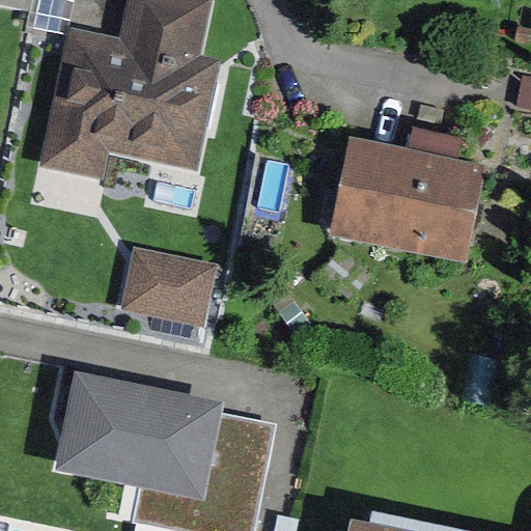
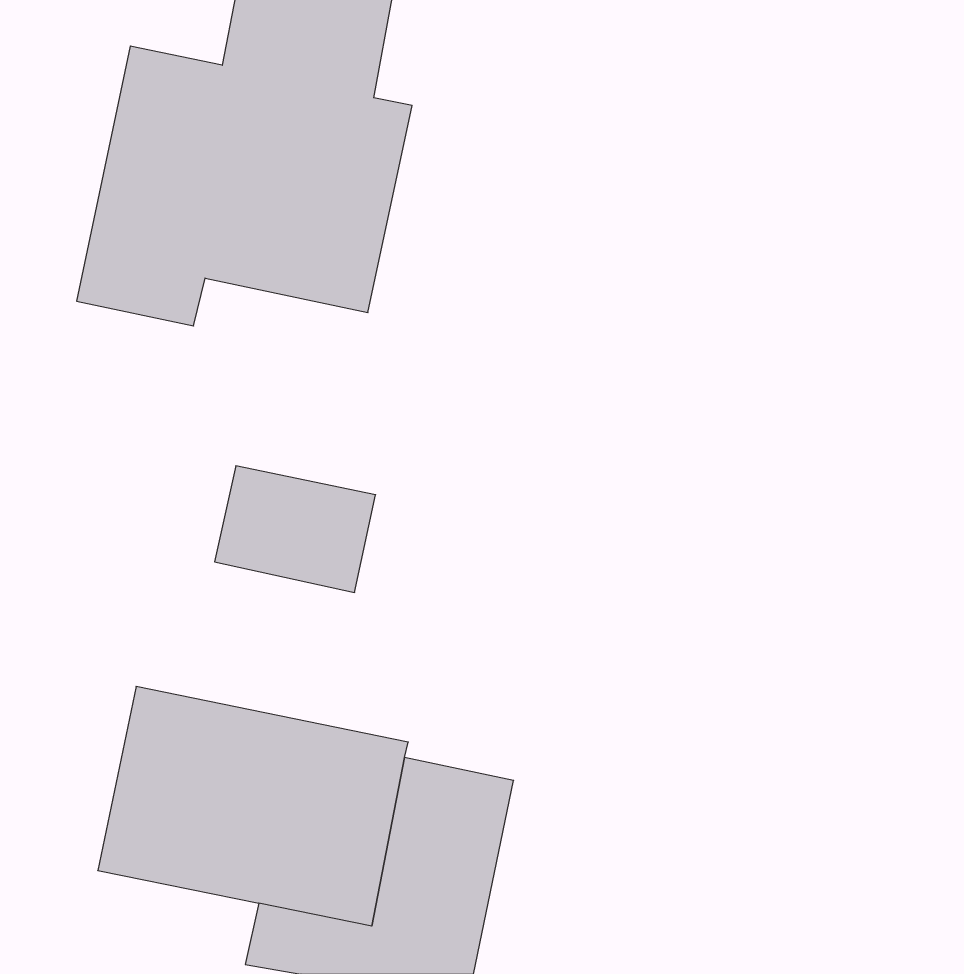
building: [330,142,470,251] -> none

